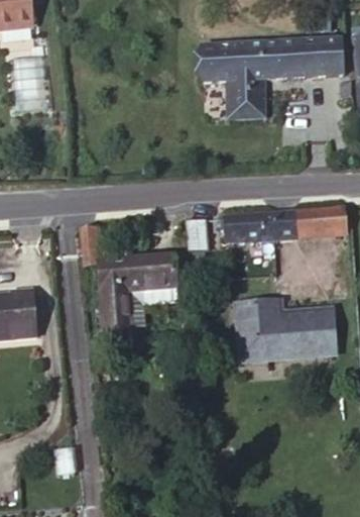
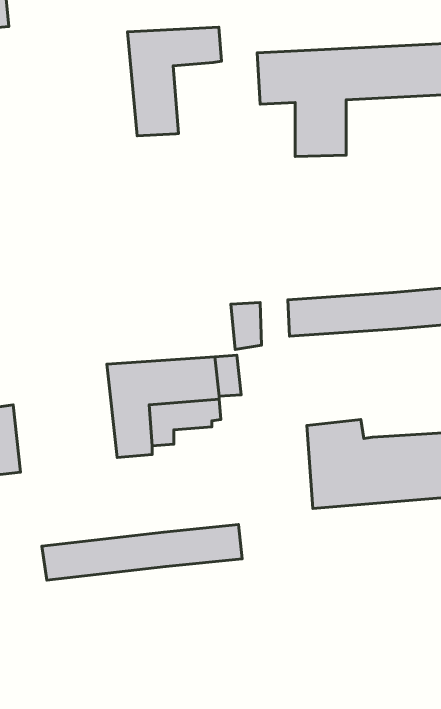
building: none -> [128,27,221,136]
building: none -> [42,525,242,580]

